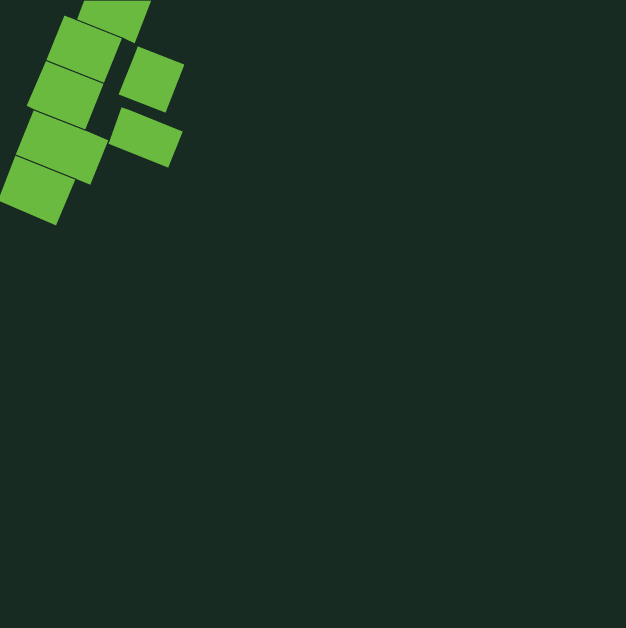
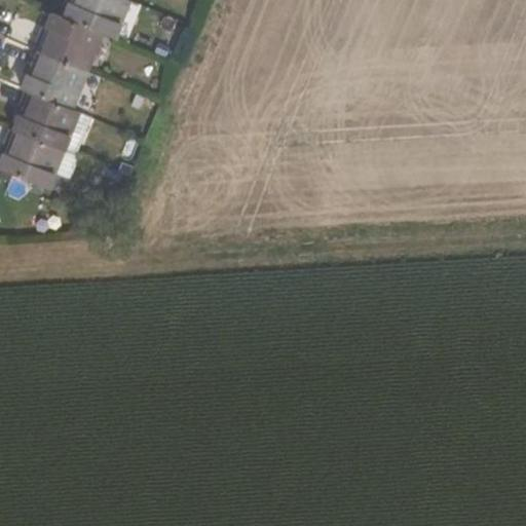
building: [118,46,185,113] -> none
building: [108,107,184,169] -> none

